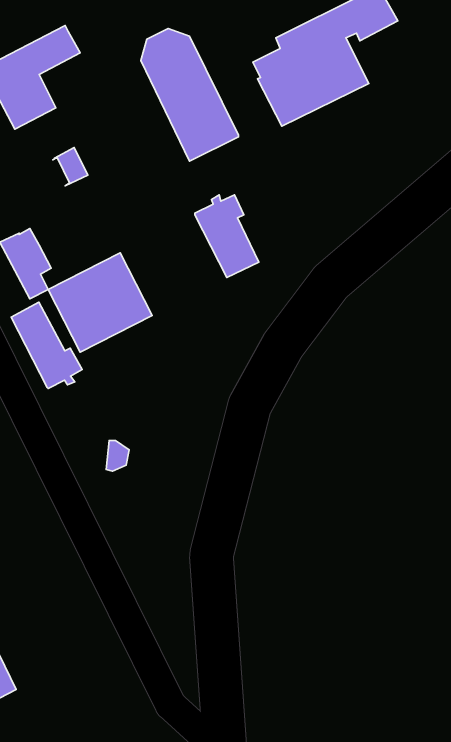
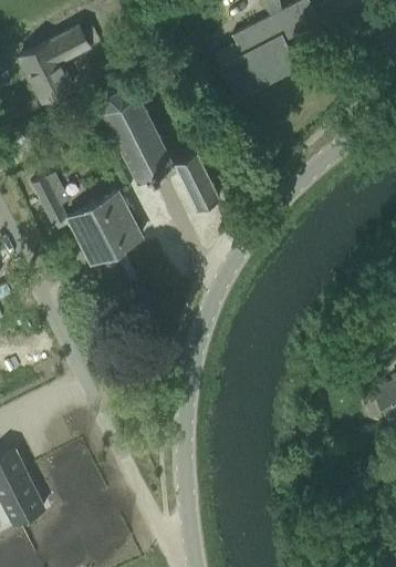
building: [141,28,238,161] -> [103,86,174,183]
building: [11,302,82,388] -> none

